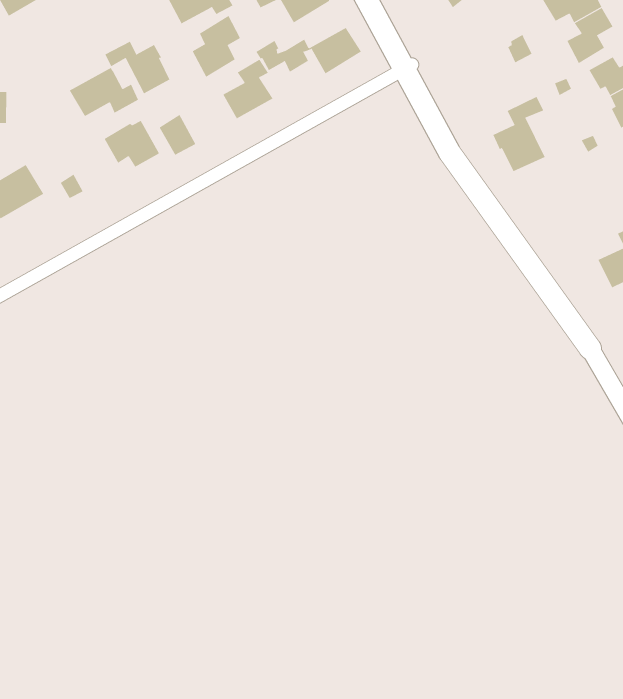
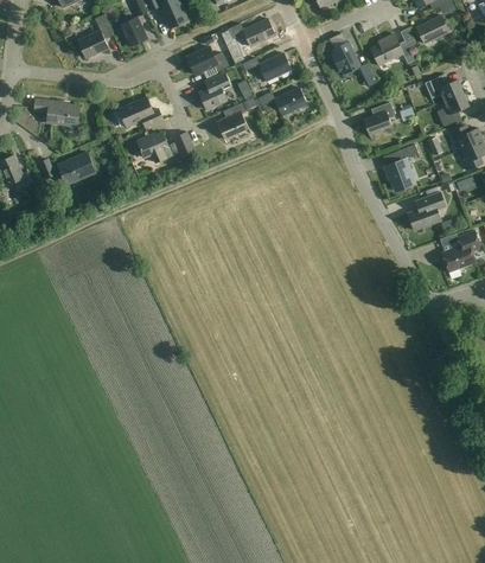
building: none -> [364,102,395,134]
building: [105,41,170,94] -> none
building: none -> [408,191,446,230]

